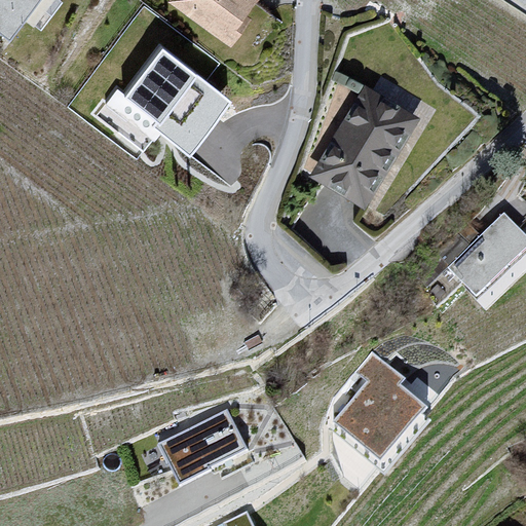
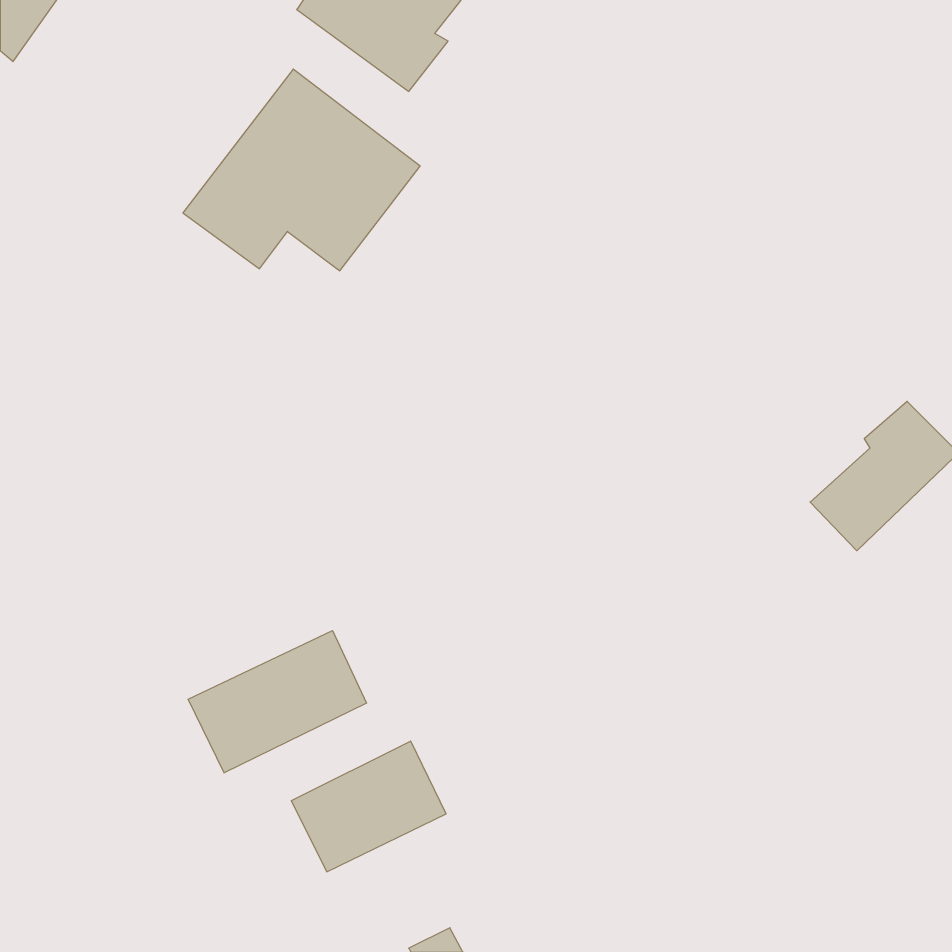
building: [312,83,422,208] -> none
building: none -> [188,631,367,773]
building: [338,348,422,454] -> none

